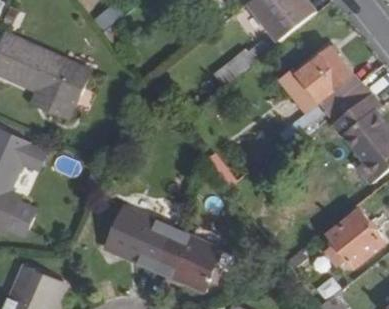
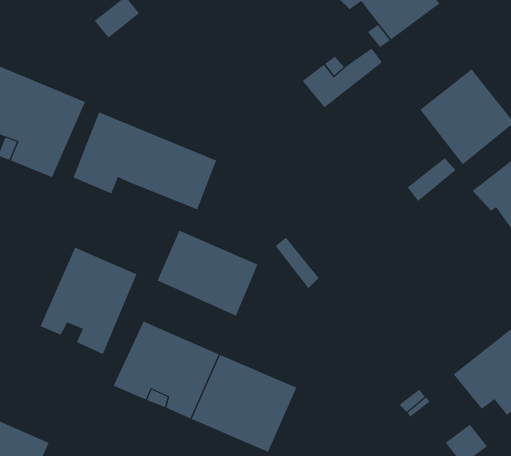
building: none -> [73,111,217,210]
building: none -> [157,230,258,316]
building: none -> [40,247,137,355]

